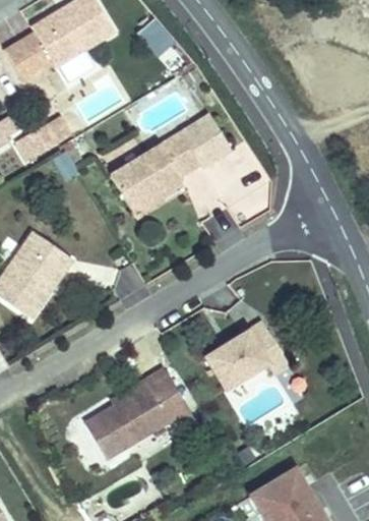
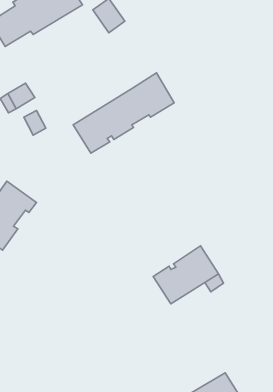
building: [81,365,199,461] -> none

